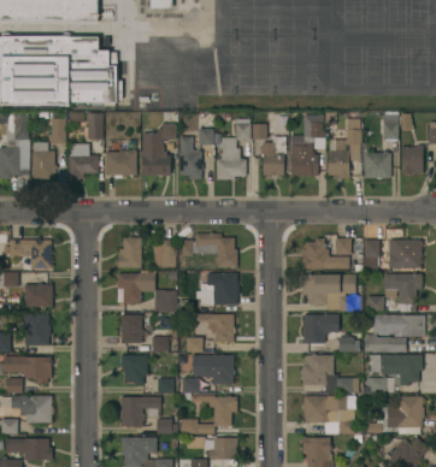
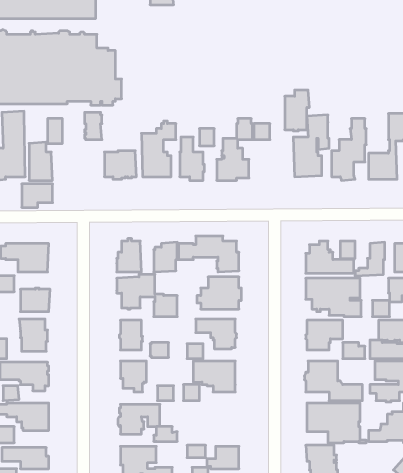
building: [263,137,287,177] -> [285,90,309,131]
building: [69,155,99,178] -> [22,184,53,207]
building: [181,395,237,435] -> none

